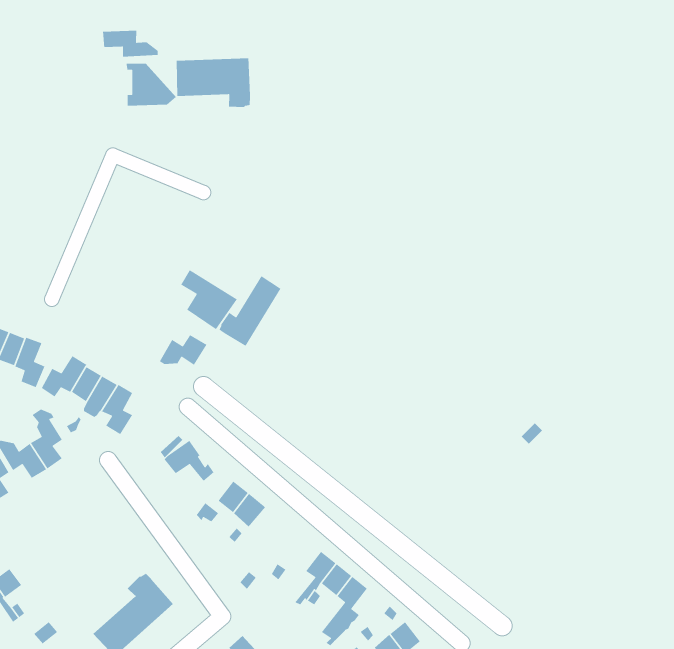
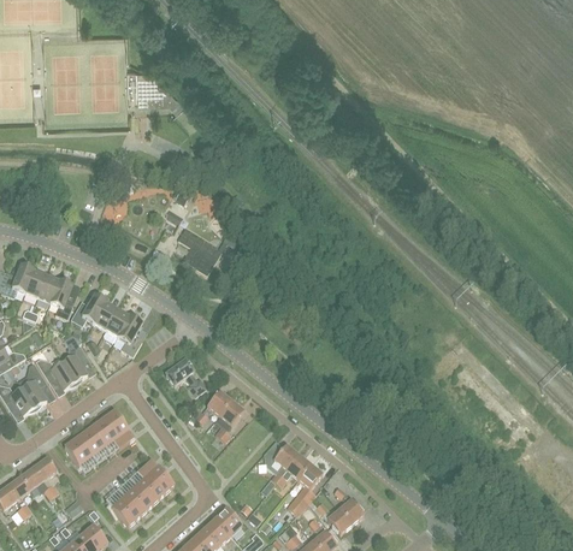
building: [102,30,159,58] -> none
building: [176,58,251,108] -> none
building: [219,275,282,347] -> none
building: [159,334,207,366] -> none
building: none -> [64,409,134,466]

